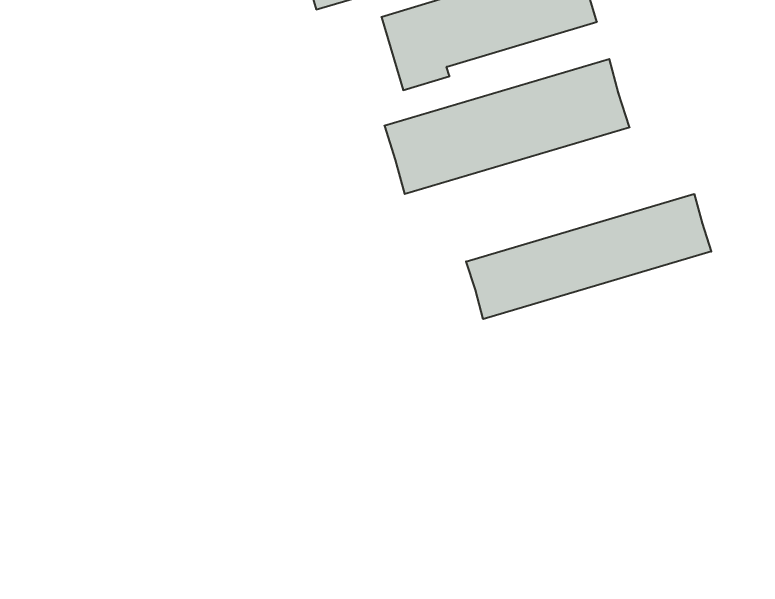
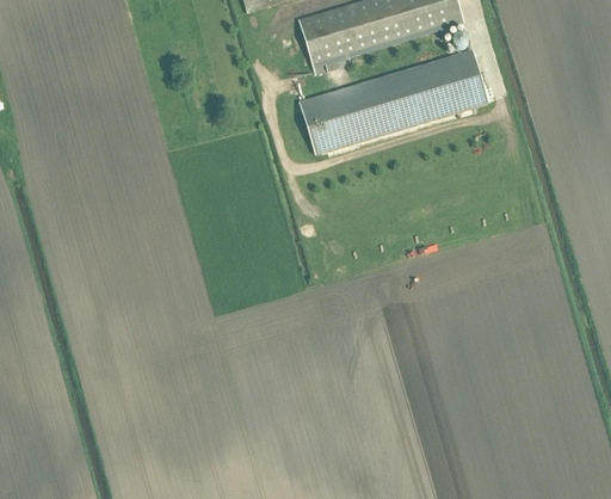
building: [466,194,711,319] -> none

